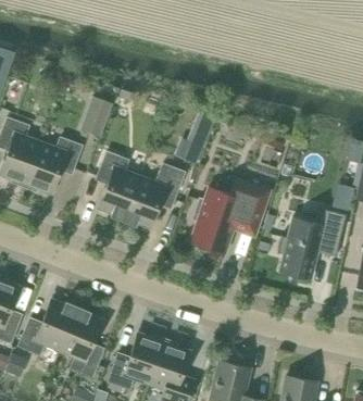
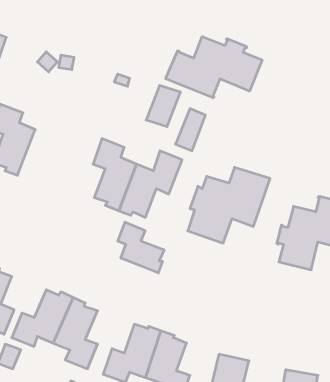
building: none -> [166,37,262,98]
building: [79,97,113,137] -> [146,86,181,127]
building: [24,137,83,193] -> none
building: none -> [118,222,164,273]

